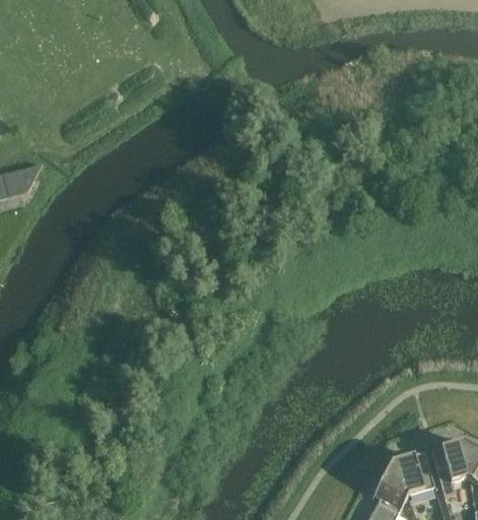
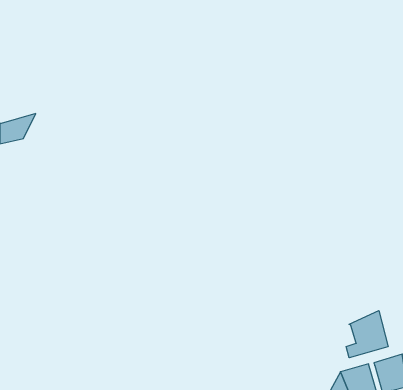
building: none -> [346,311,388,358]

